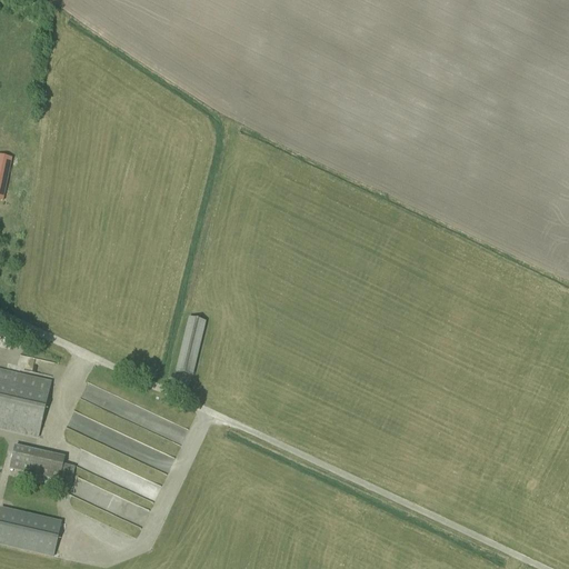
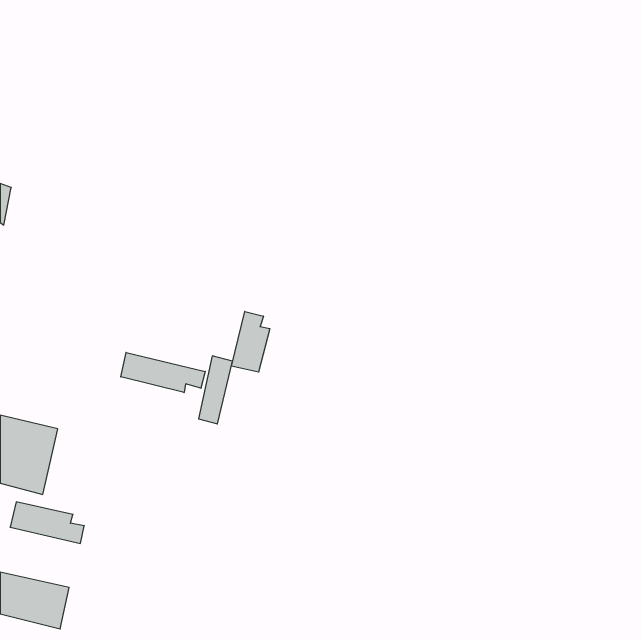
building: none -> [232,311,270,372]
building: none -> [121,352,205,393]

